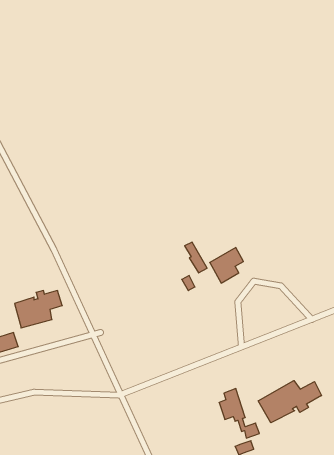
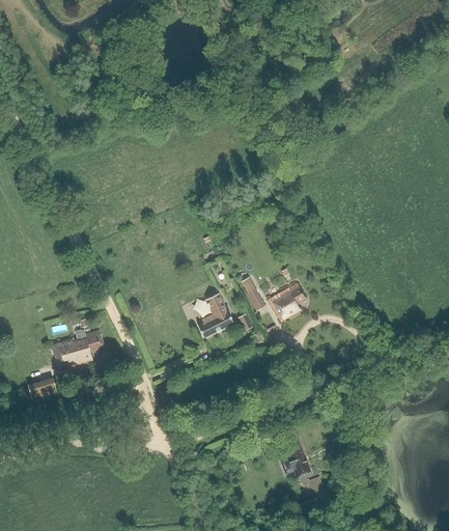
building: none -> [198,292,233,337]
building: [258,381,322,423] -> none

